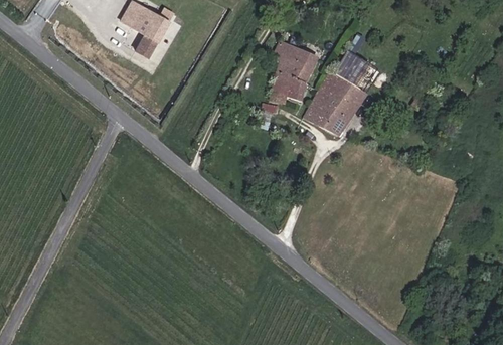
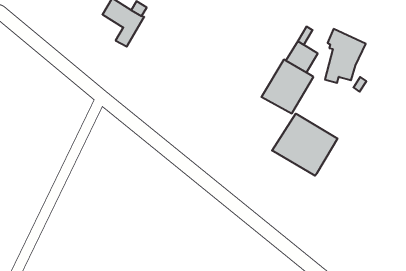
building: [270,41,317,104] -> [325,29,366,83]
building: none -> [272,114,337,176]

